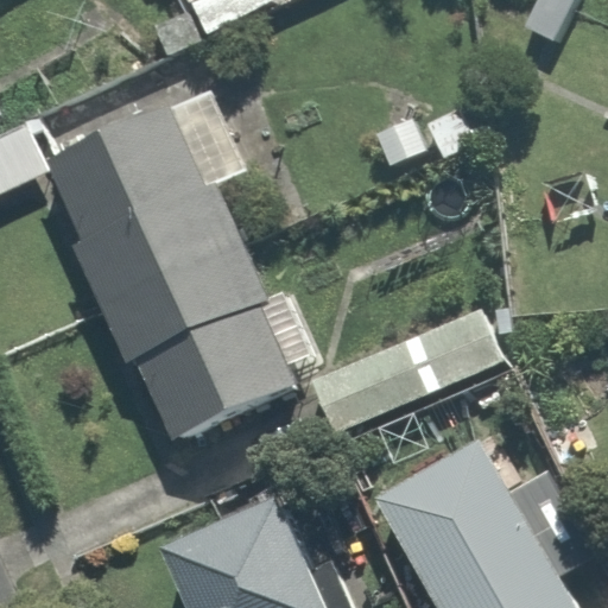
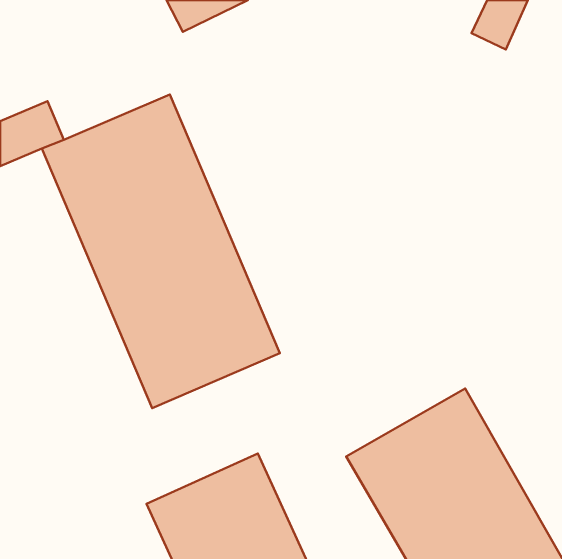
building: [300,305,514,444] -> none

